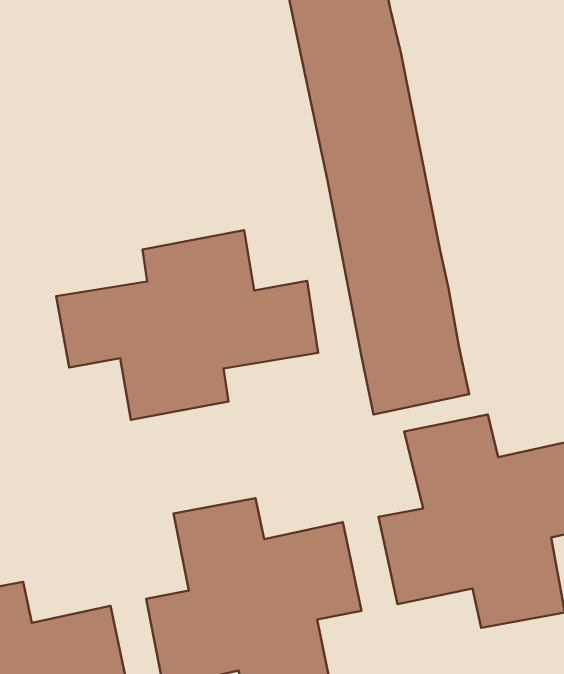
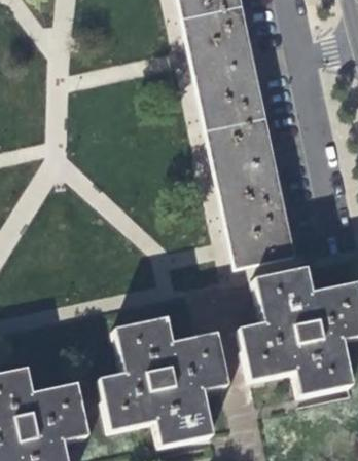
building: [56,230,318,420] -> none

